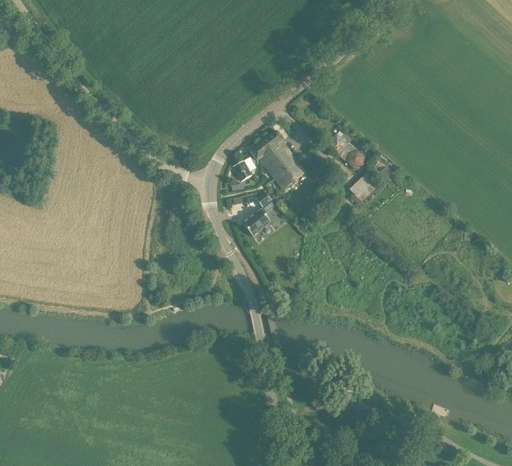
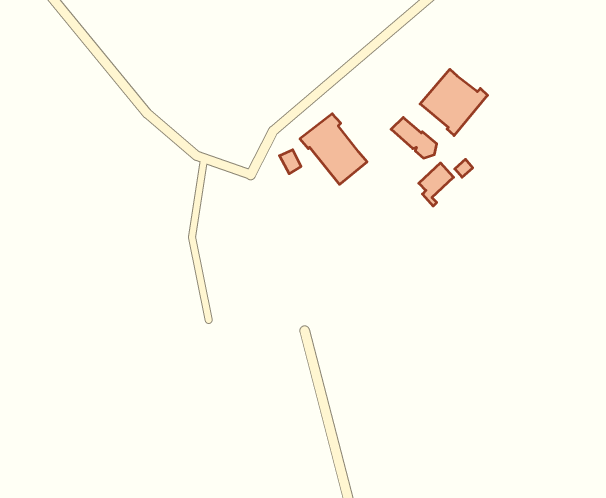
building: none -> [420,69,488,136]
building: [242,191,275,237] -> none

